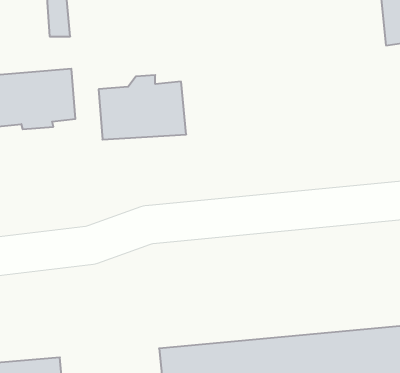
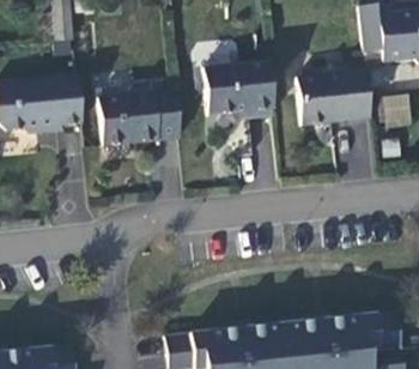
building: none -> [207,61,277,117]
building: none -> [302,71,375,126]

